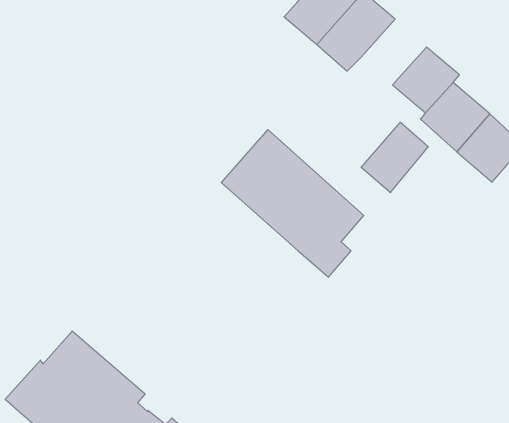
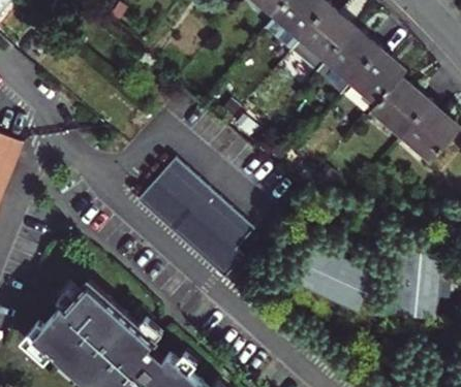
building: none -> [322,26,376,79]
building: [361,122,428,193] -> none
building: [221,130,364,277] -> [133,158,250,279]

